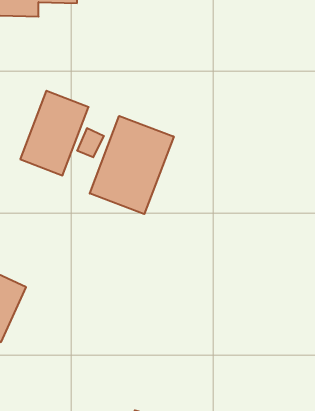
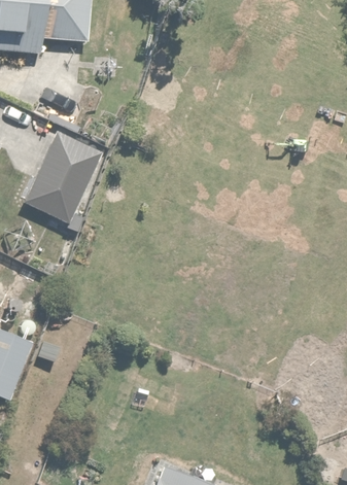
building: [90,116,174,214] -> none

